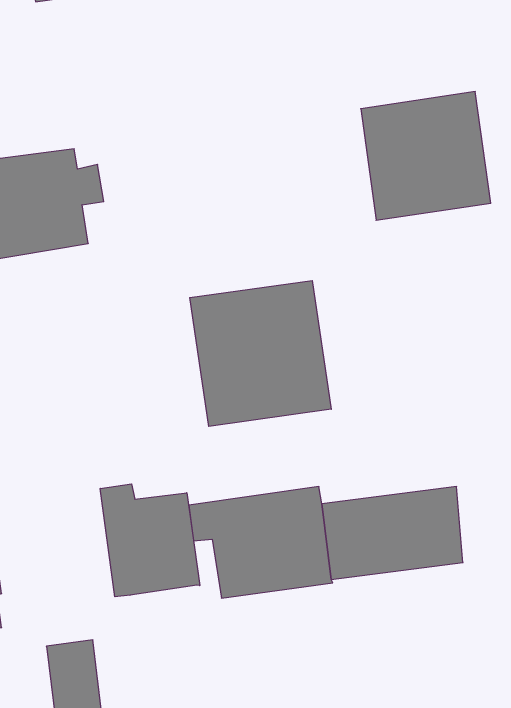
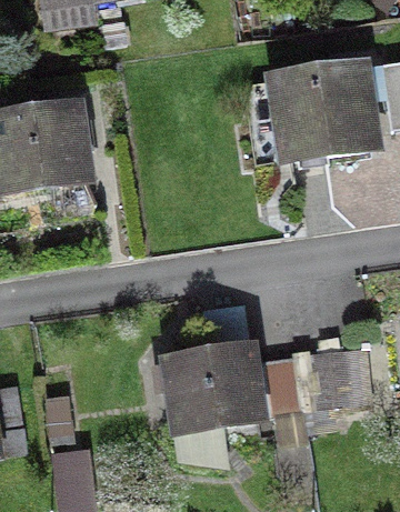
building: [190,281,331,426] -> none
building: [100,484,200,597] -> none

